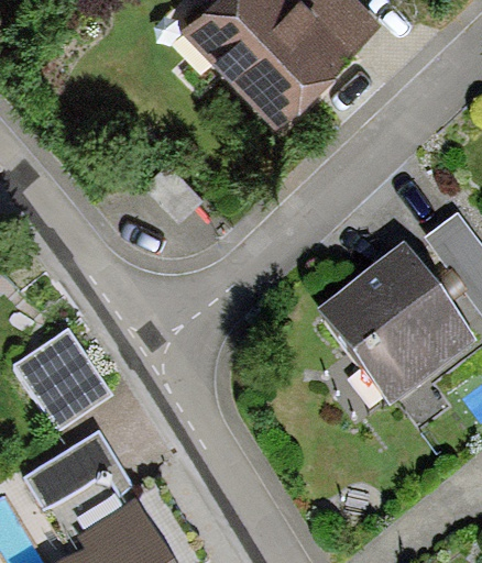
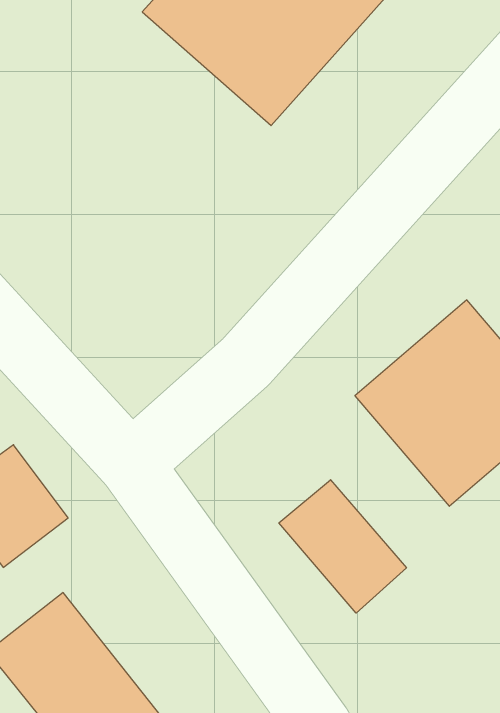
building: none -> [279,480,406,613]

